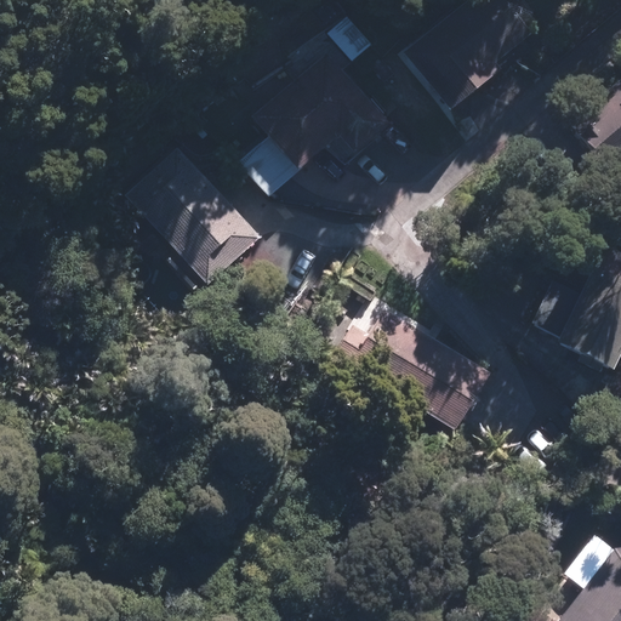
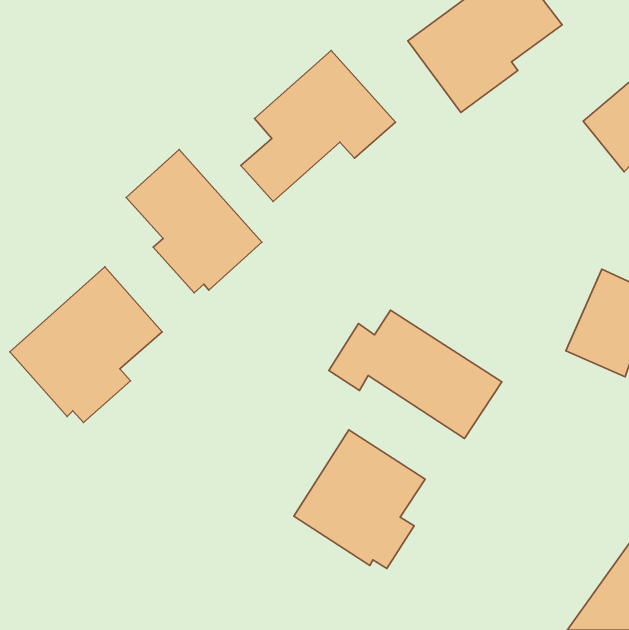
building: none -> [10,267,162,423]
building: none -> [294,430,425,569]

